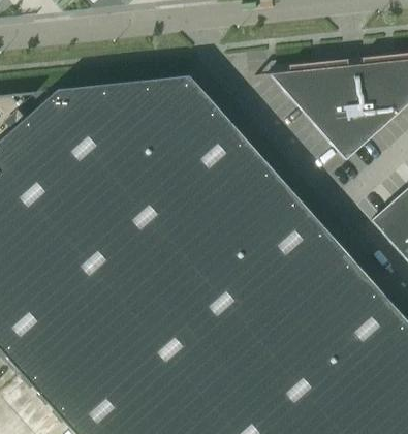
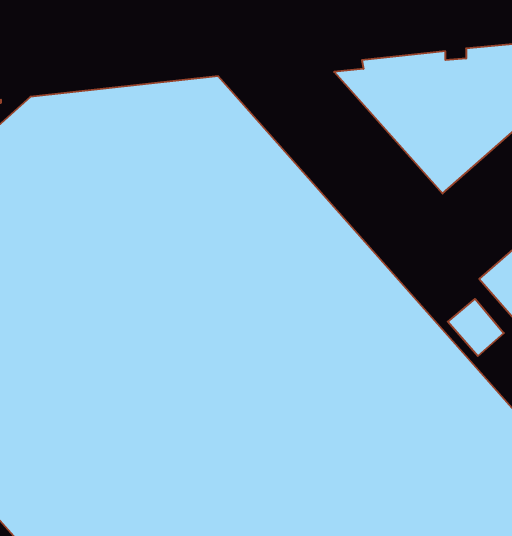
building: none -> [448,299,504,356]

